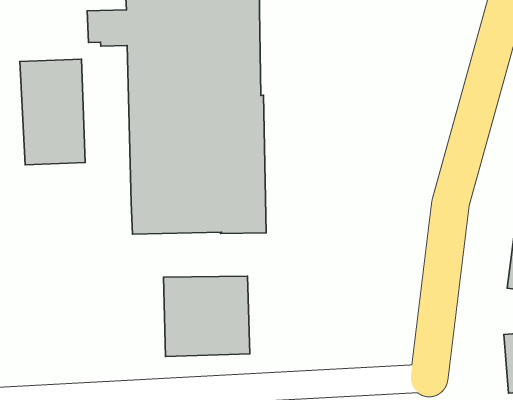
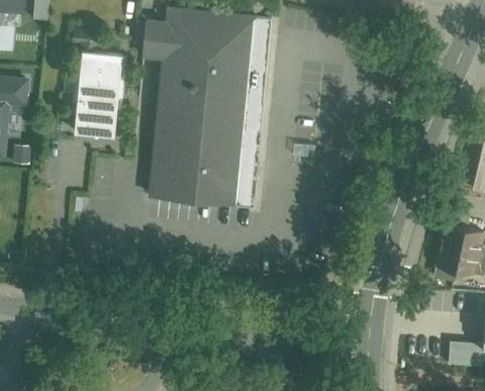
building: [163,276,250,357] -> none

